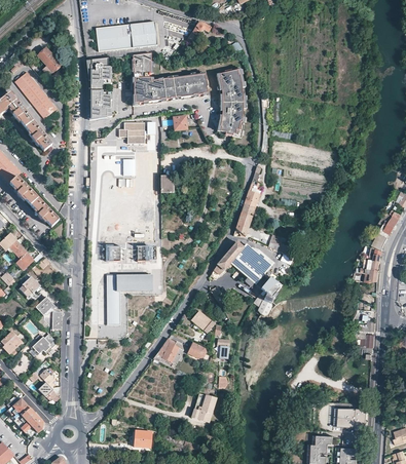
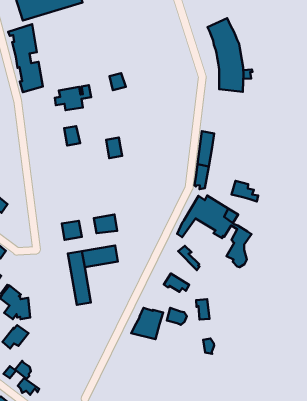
building: [133,53,208,106] -> none
building: [218,68,245,139] -> [208,18,243,92]
building: [192,392,216,421] -> none

